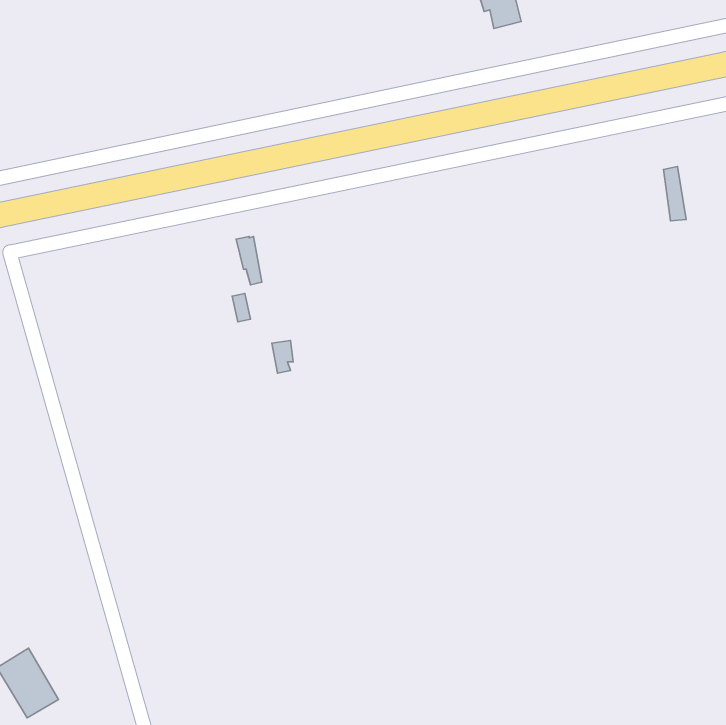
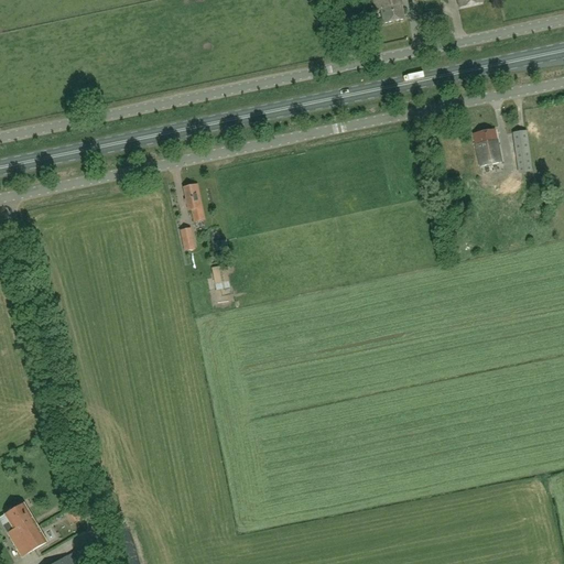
building: none -> [473,128,500,164]

